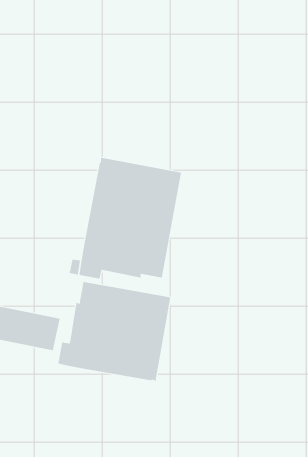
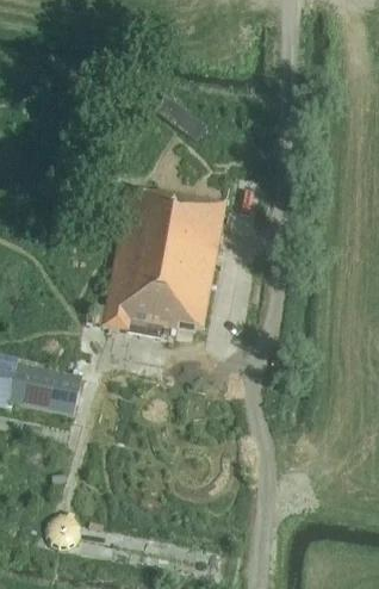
building: [58,281,171,382] -> none

